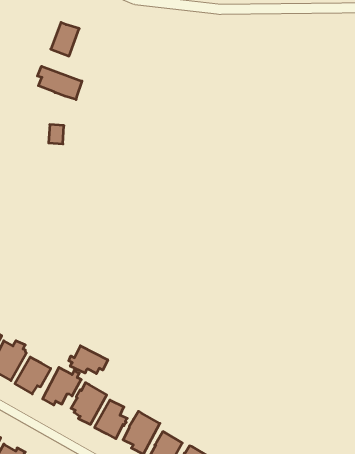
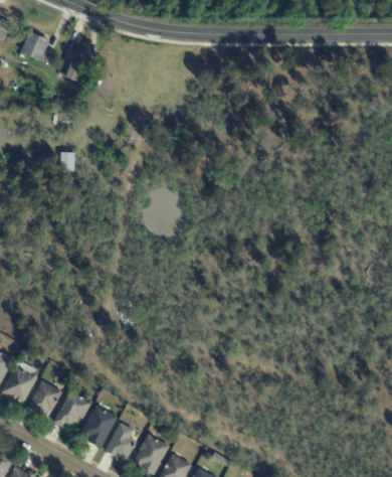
building: none -> [20,32,49,61]
building: [37,66,82,100] -> none
building: [69,346,108,374] -> none

